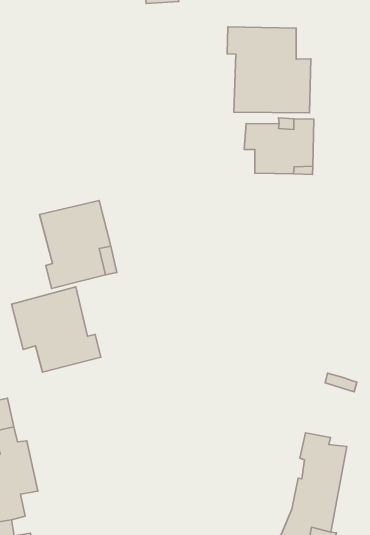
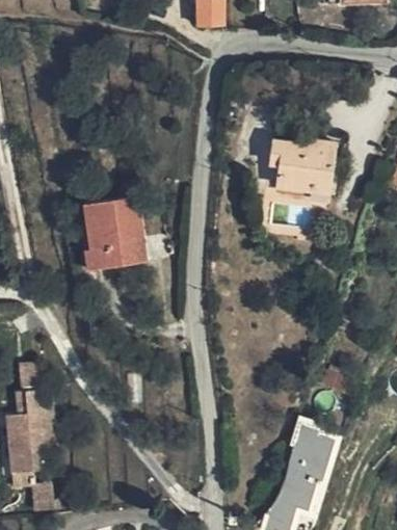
building: [227,27,311,113] -> none
building: [12,287,101,372] -> none

